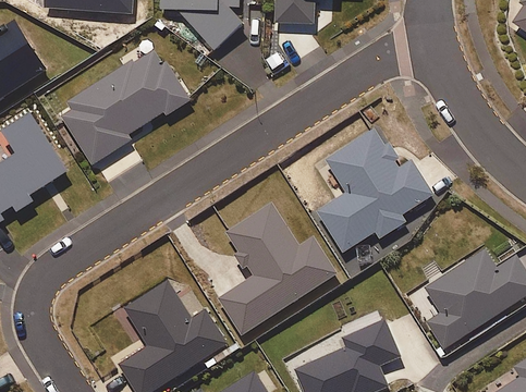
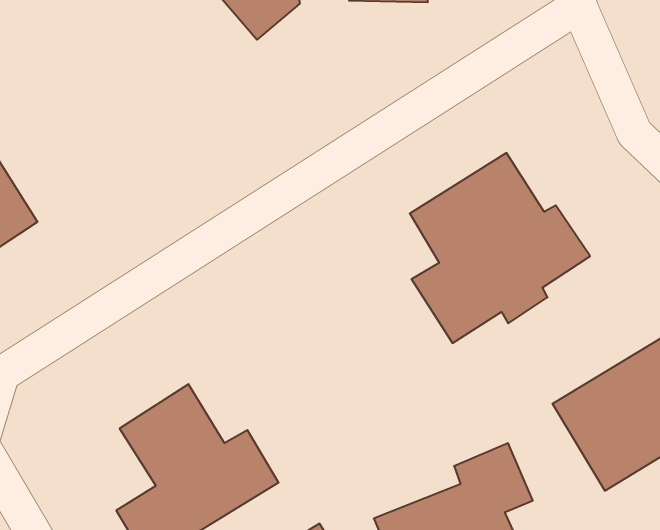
building: [59,45,192,163] -> none
building: [218,203,337,334] -> none

